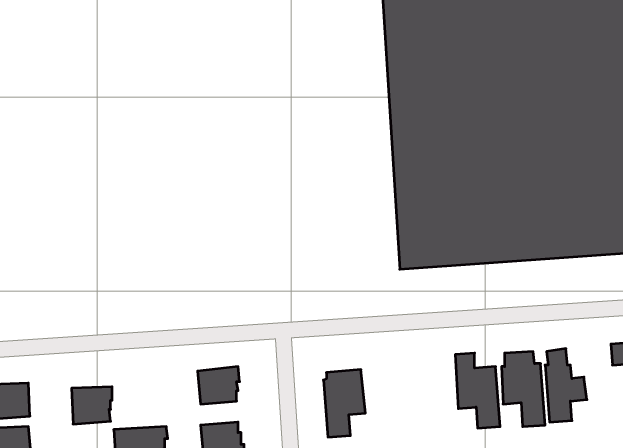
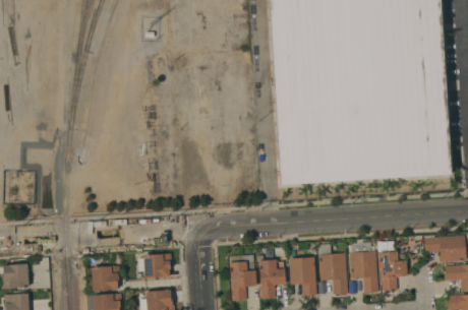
building: none -> [288,257,316,296]
building: none -> [258,259,285,299]
building: [72,387,112,424] -> [92,266,119,292]

